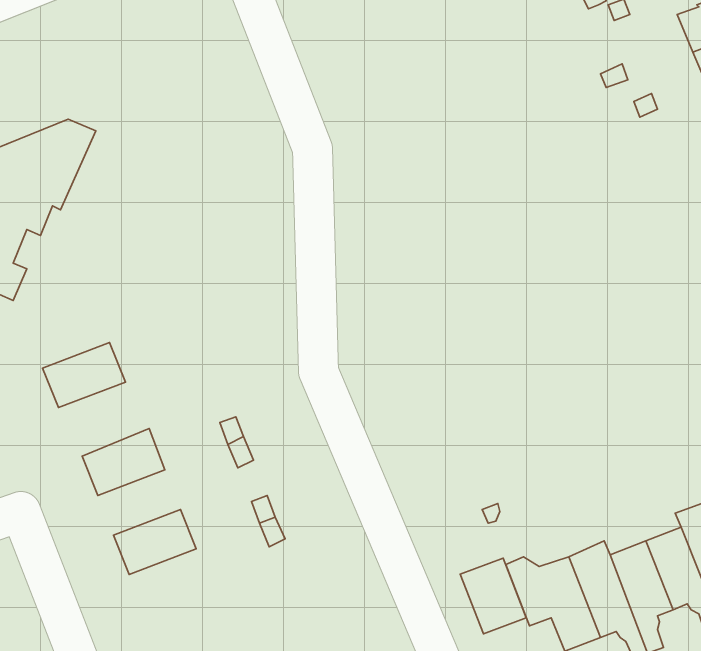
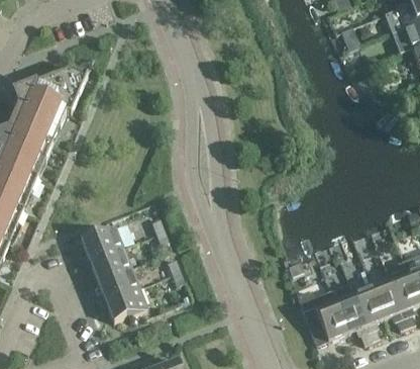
building: [43,343,125,408] -> [88,245,130,278]
building: none -> [104,285,146,319]
building: [460,558,526,634] -> none

